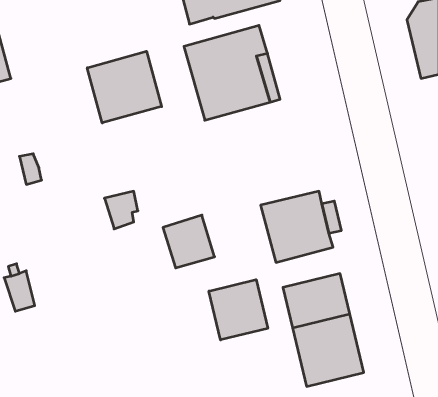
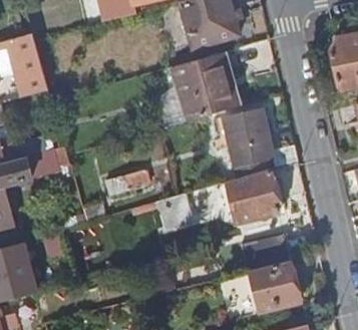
building: [87,51,162,123] -> none
building: none -> [220,107,295,166]
building: [209,280,268,340] -> none

